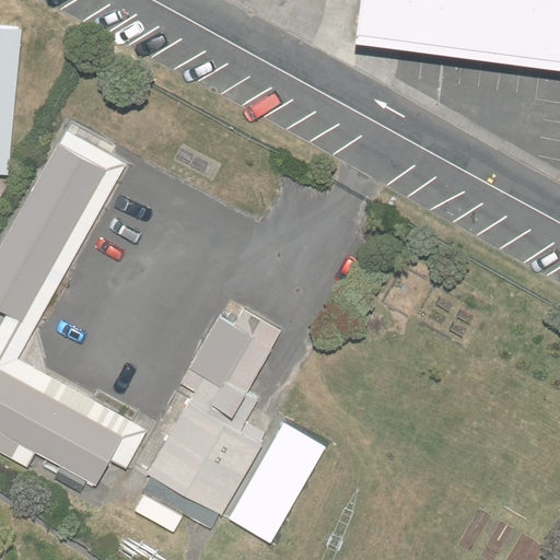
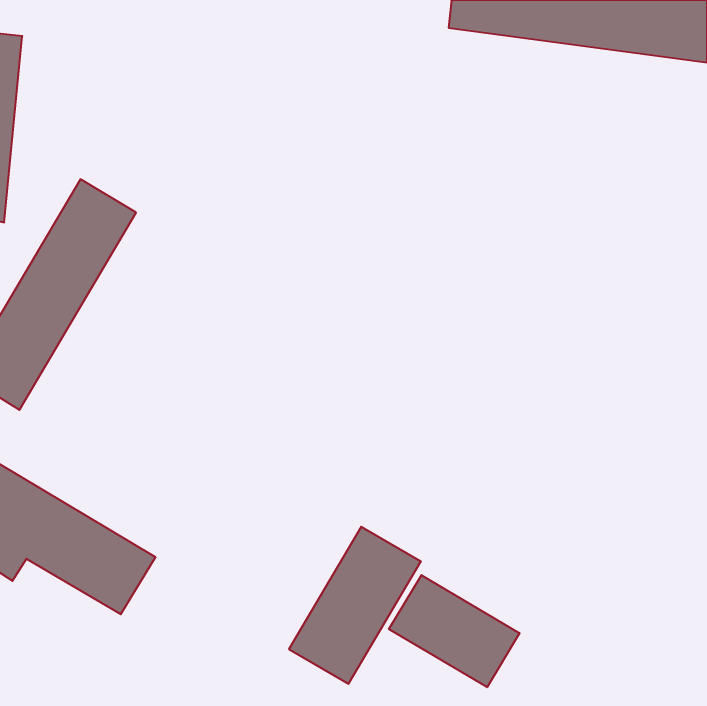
building: [137,313,276,526] -> none
building: none -> [389,575,520,687]

